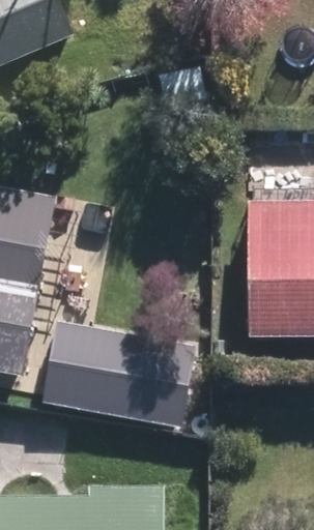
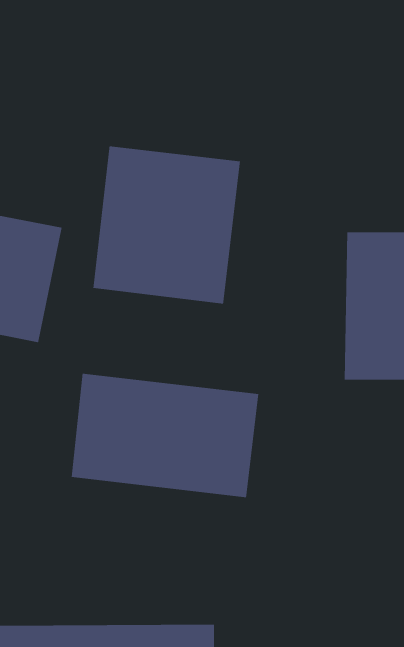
building: none -> [93,146,240,305]

